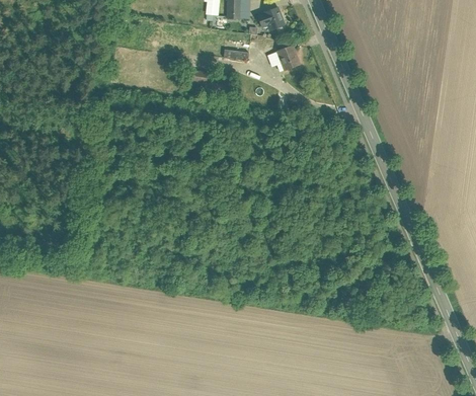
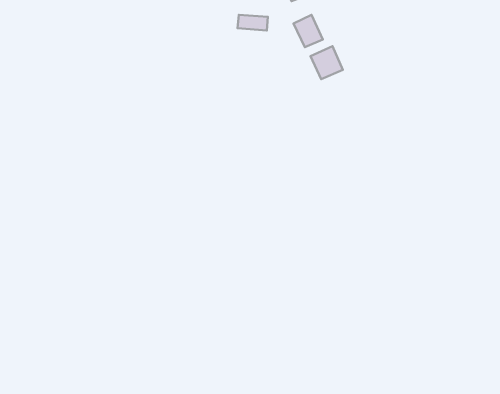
building: none -> [310,46,343,79]

